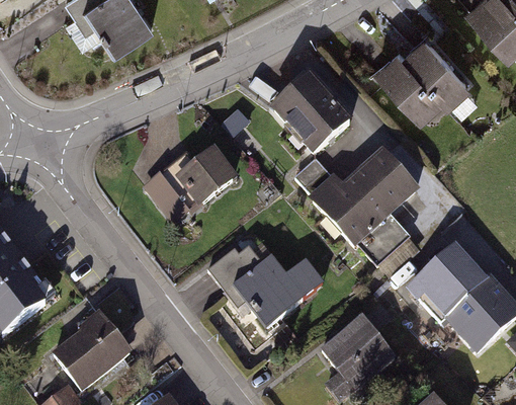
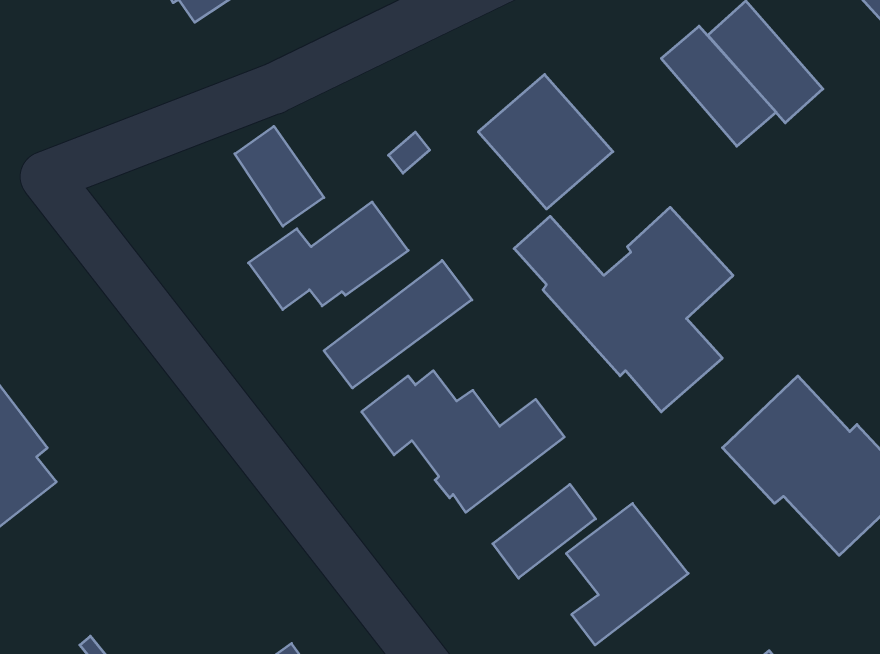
building: none -> [235,126,324,226]
building: none -> [324,260,472,388]
building: none -> [493,484,596,578]
building: [58,312,125,387] -> none

